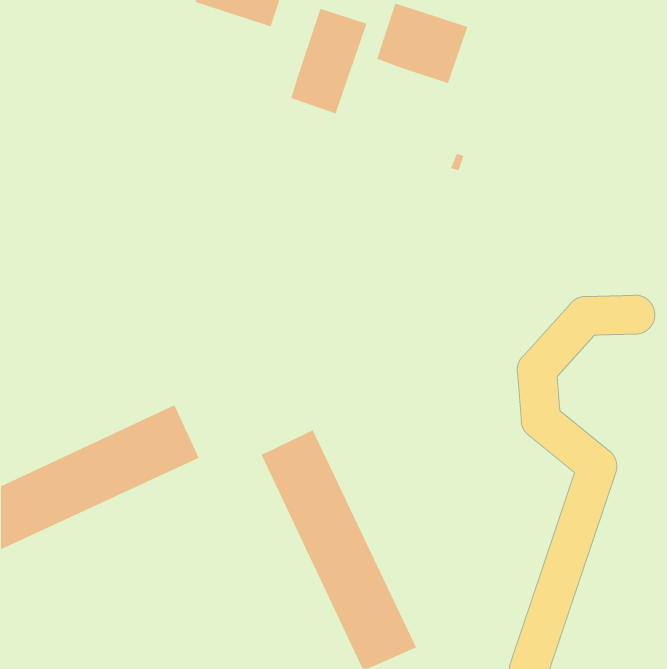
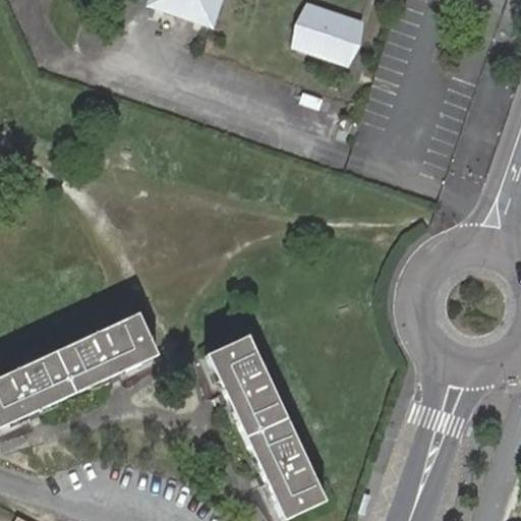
building: [290,8,367,114] -> none

